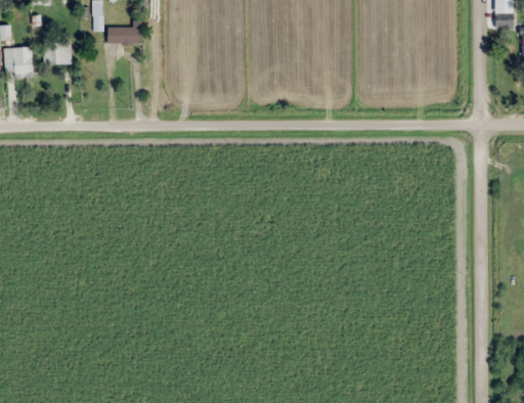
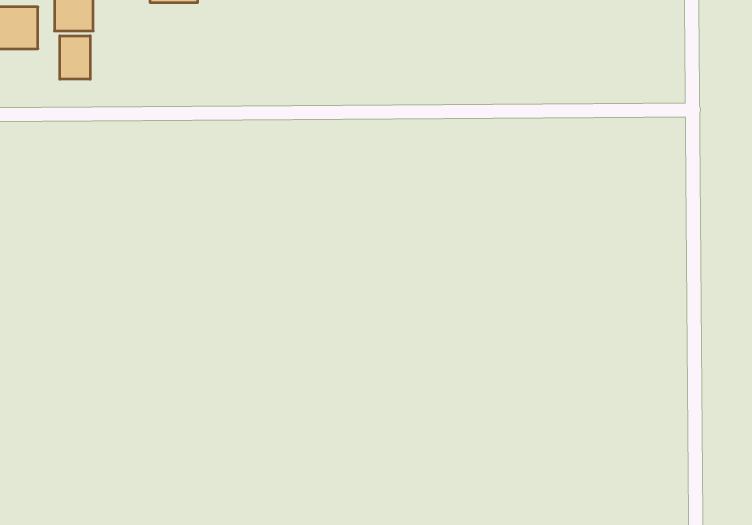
building: none -> [60,36,90,79]

